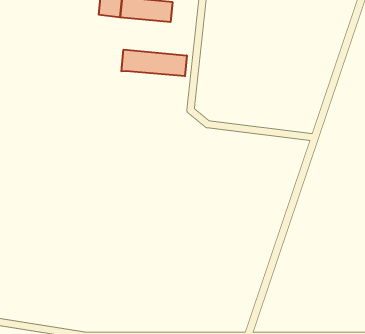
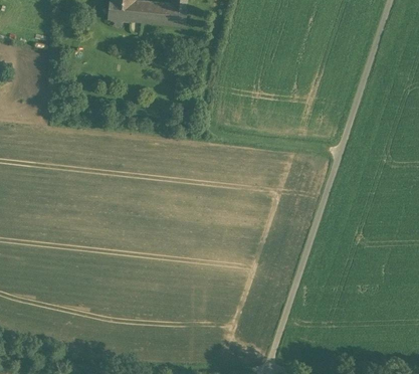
building: [121,50,187,76] -> none

